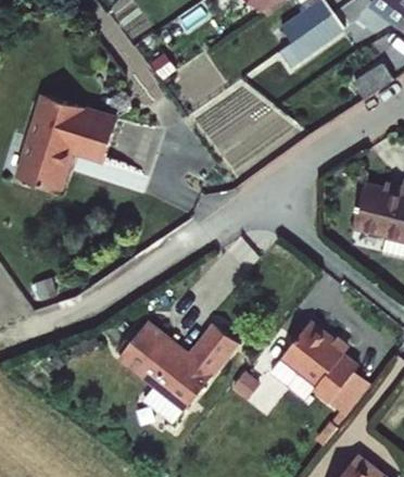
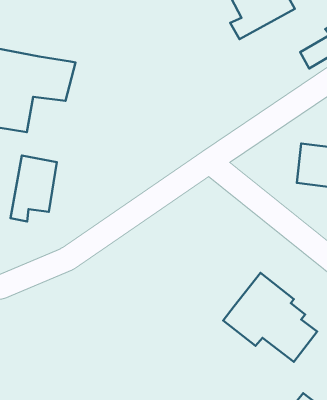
building: none -> [11,155,57,221]
building: [122,319,241,406] -> none

